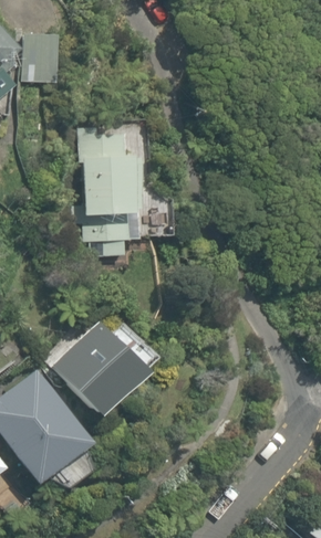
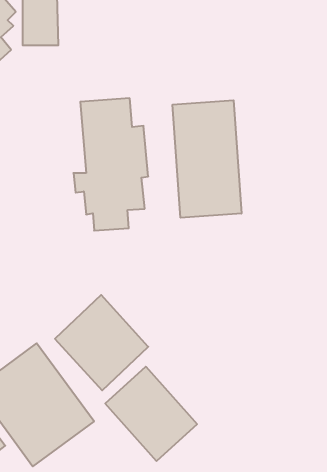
building: none -> [173,100,241,218]
building: none -> [105,367,197,461]

